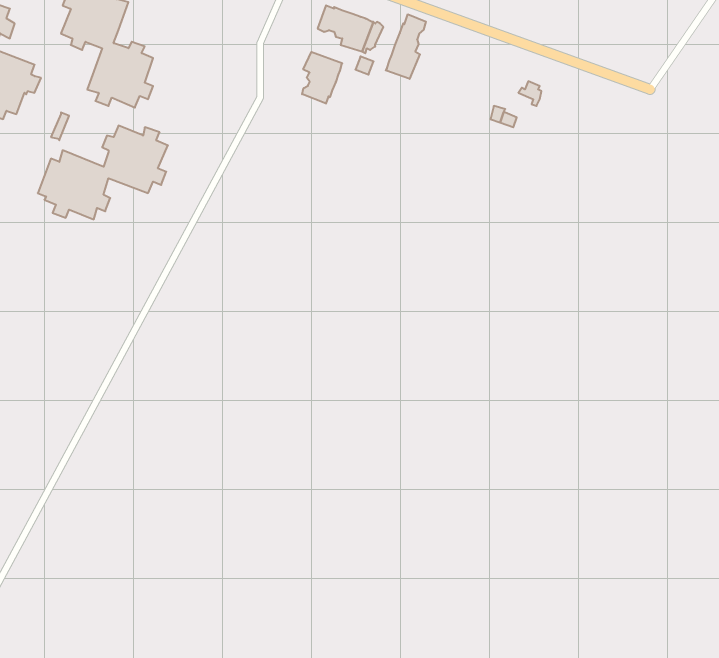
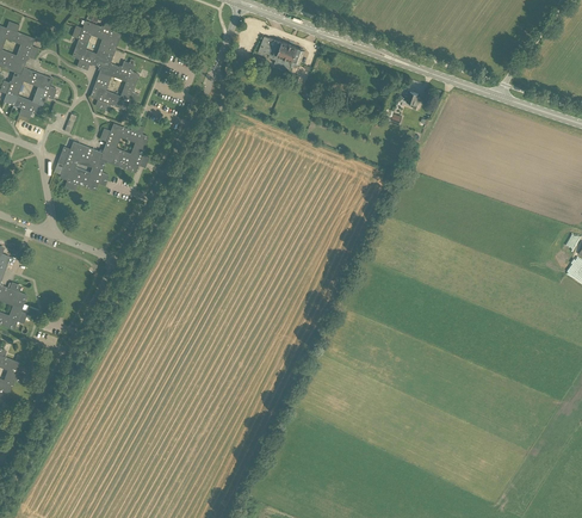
building: [386,14,426,79] -> none
building: [302,52,342,104] -> none

